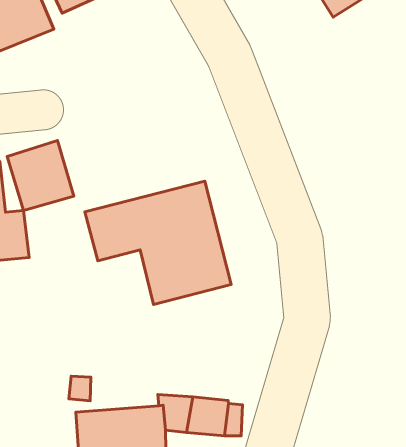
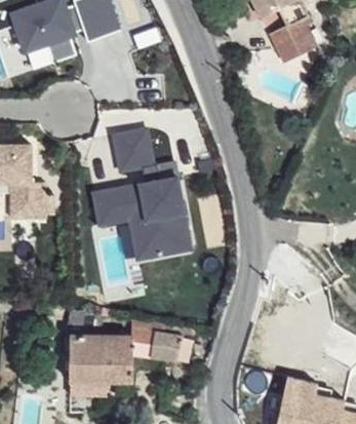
building: [7,141,74,211] -> [111,123,157,172]

